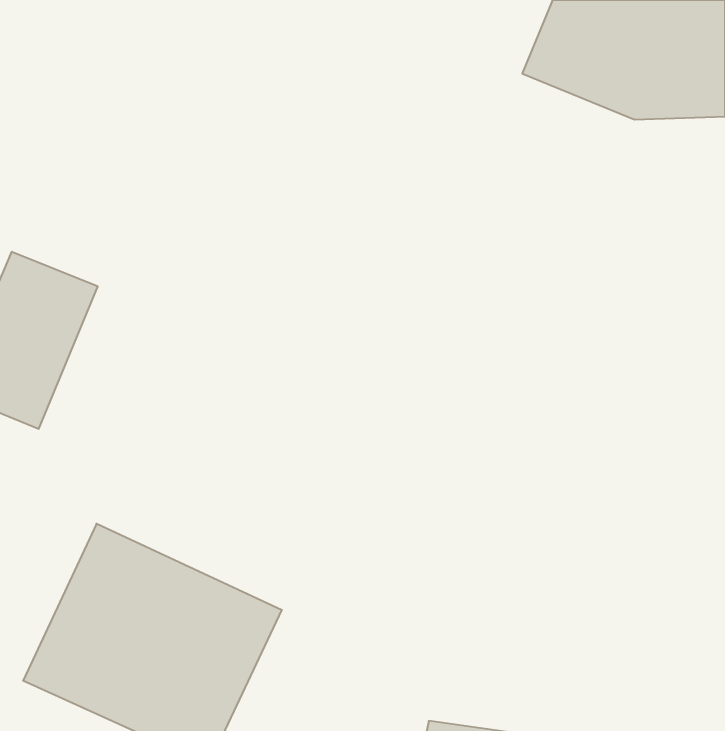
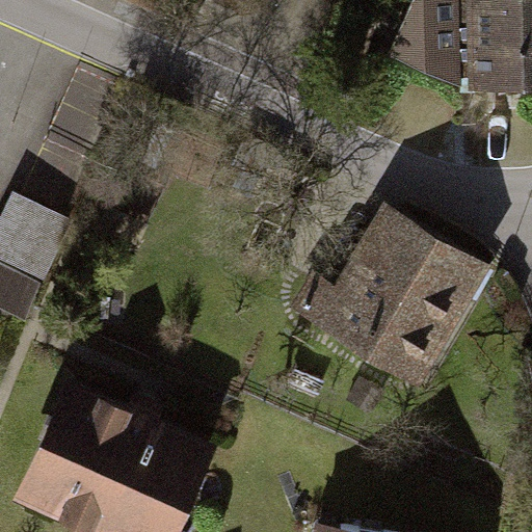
building: none -> [309,213,487,390]

